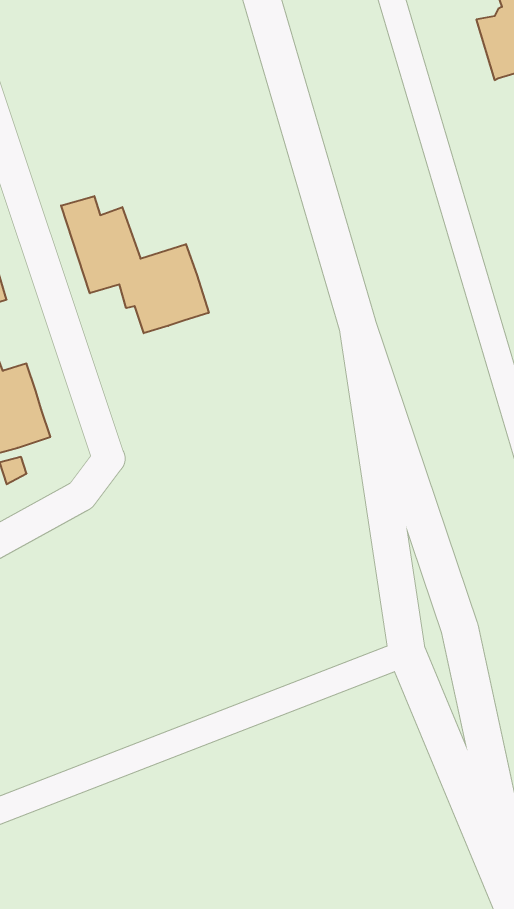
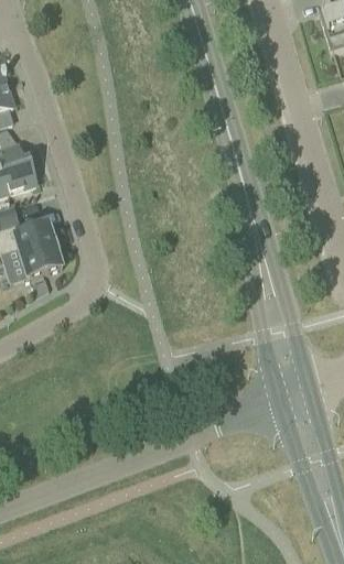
building: [61,196,209,333] -> none

